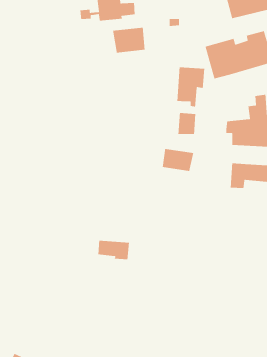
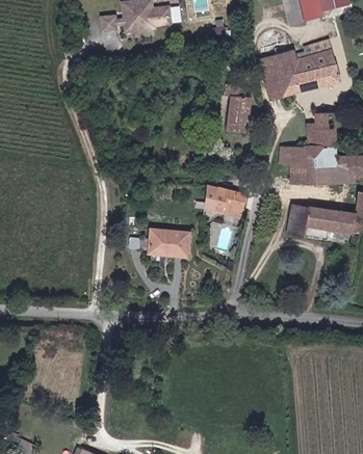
building: [112,27,146,53] -> none
building: [177,112,196,135] -> none
building: [98,240,130,260] -> [150,231,189,256]

